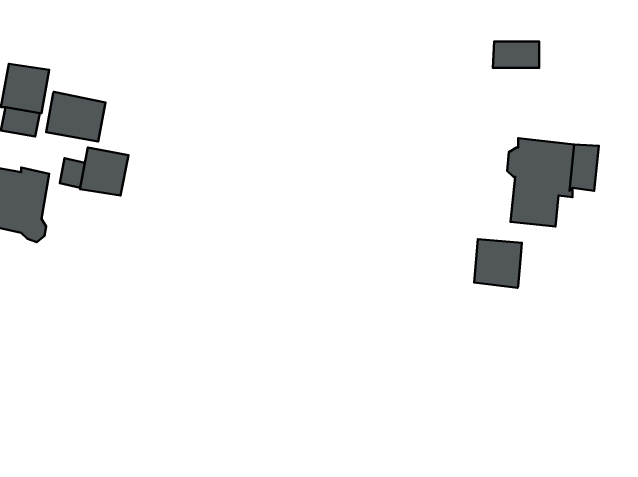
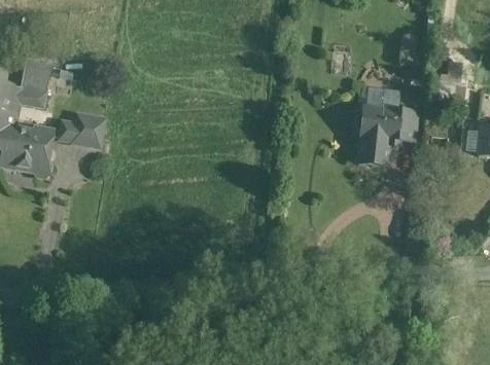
building: [493,41,539,68] -> [365,86,396,104]
building: [46,92,105,142] -> none
building: [474,239,522,288] -> none

